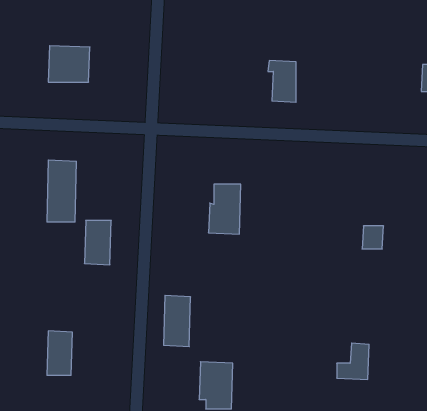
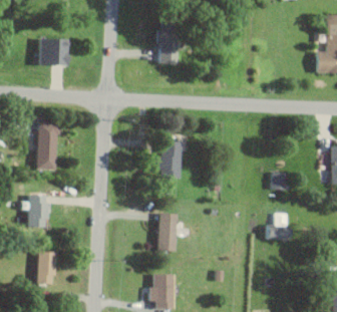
building: [268,61,296,102] -> [156,33,178,64]
building: [84,220,111,265] -> [28,195,48,228]
building: [164,295,191,347] -> [157,213,178,251]
building: [337,343,369,379] -> [266,213,290,240]

